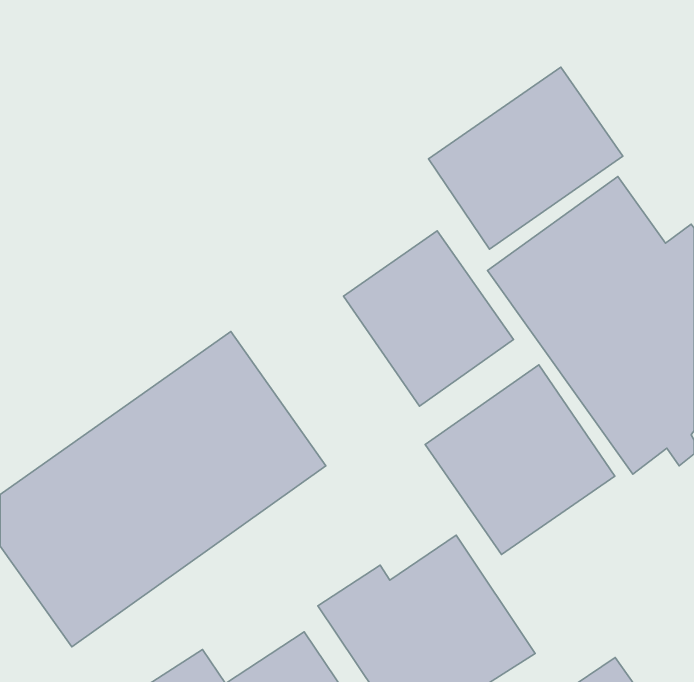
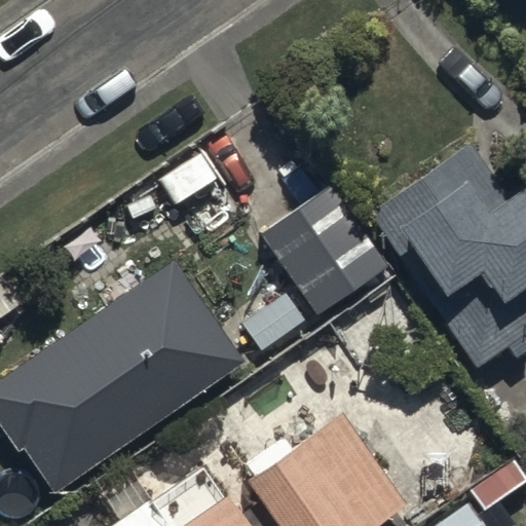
building: [428,67,623,249] -> none
building: [425,365,615,554] -> none

